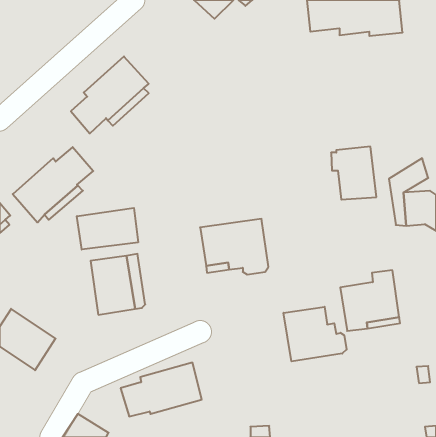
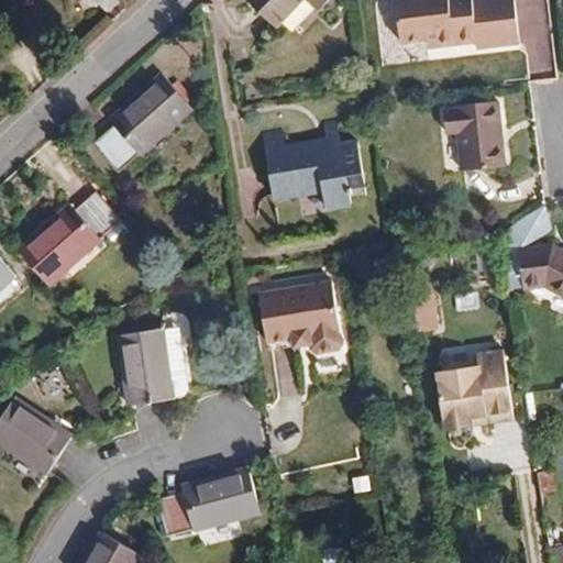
building: none -> [262,121,363,208]
building: [331,147,376,200] -> [445,101,504,169]
building: [77,208,138,250] -> none
building: [284,307,347,361] -> none

